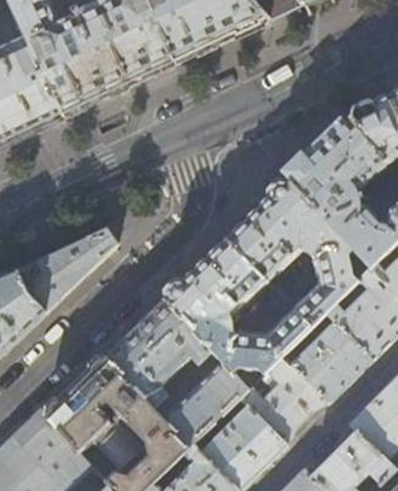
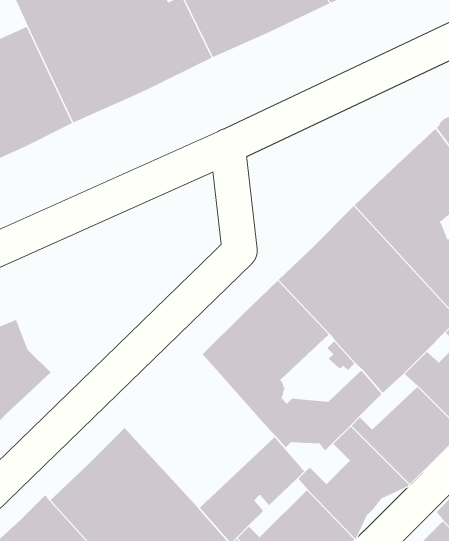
building: [17,228,117,312] -> none
building: [103,298,211,407] -> none

